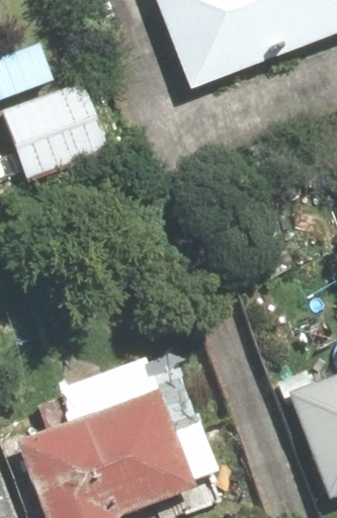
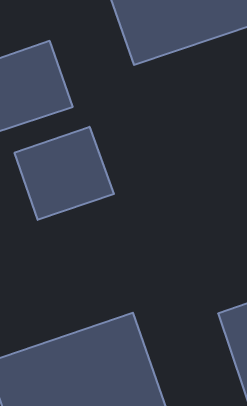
building: none -> [15,127,114,220]

